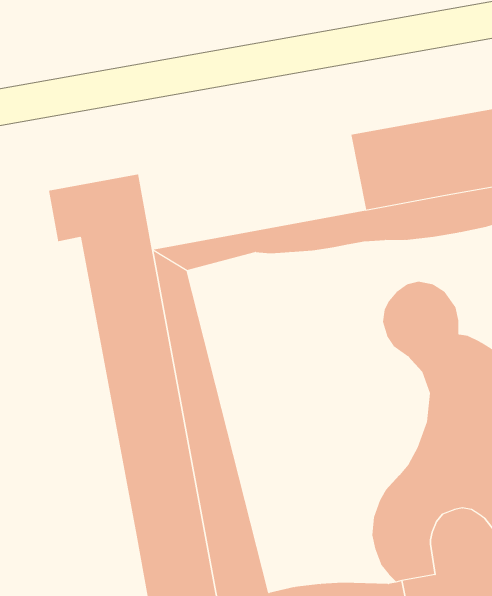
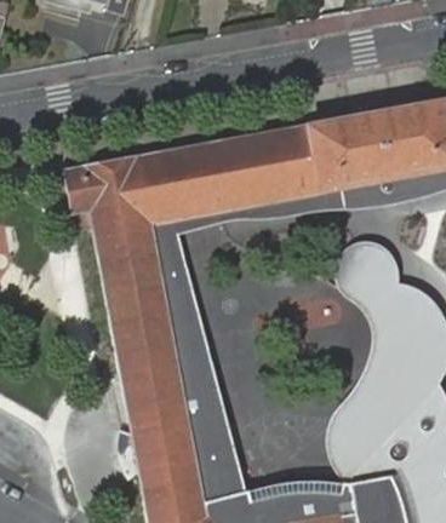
building: none -> [138,123,320,215]

